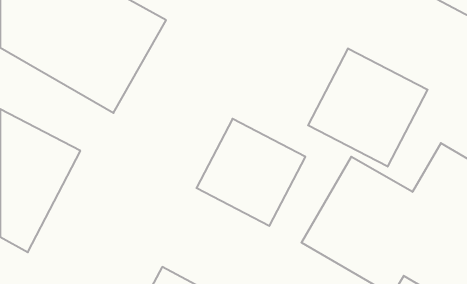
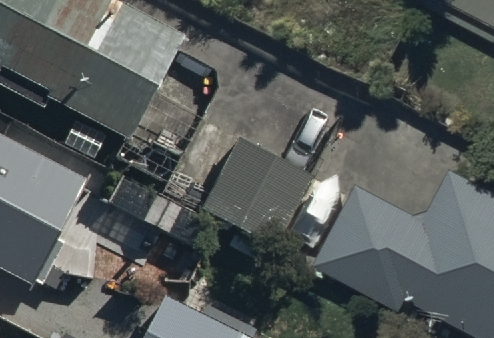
building: [308,48,428,167] -> none

